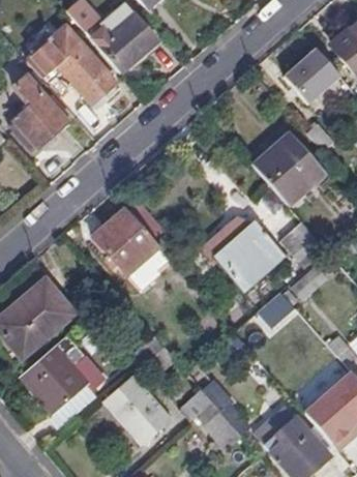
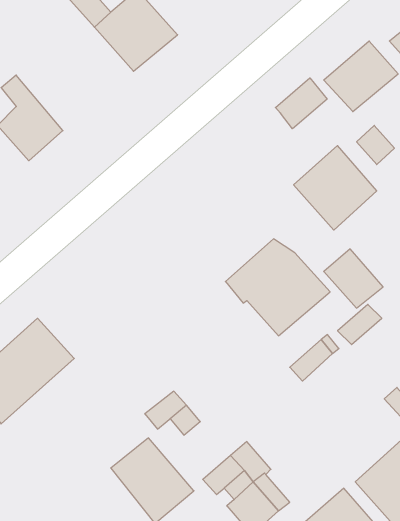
building: [27,26,117,109] -> none
building: none -> [275,78,327,129]
building: [93,209,173,291] -> none
building: [22,333,107,411] -> none

